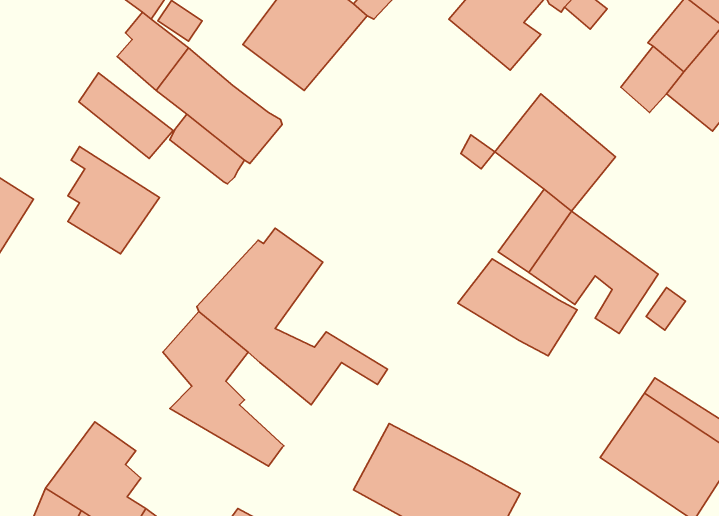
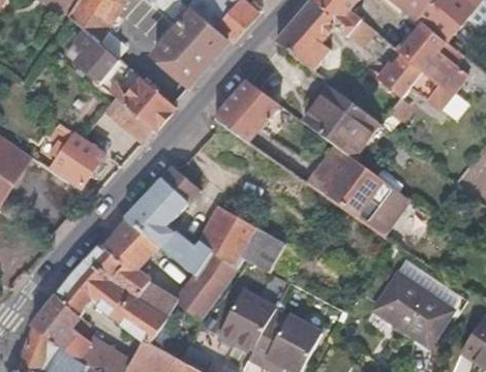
building: [79,73,173,158] -> none
building: none -> [215,82,276,141]
building: [458,259,577,356] -> [203,205,275,264]
building: none -> [62,242,168,339]
building: none -> [176,252,234,315]

